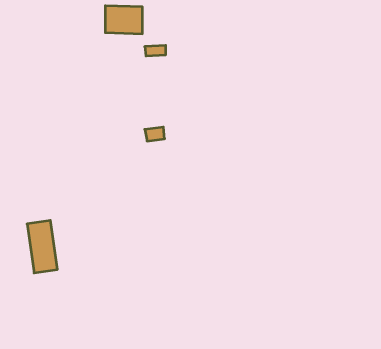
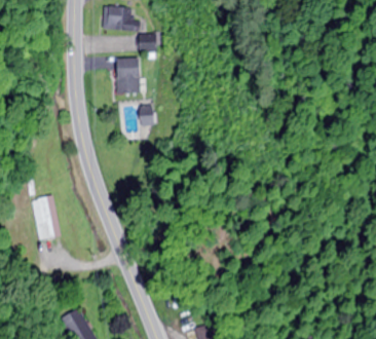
building: none -> [113,60,138,95]

